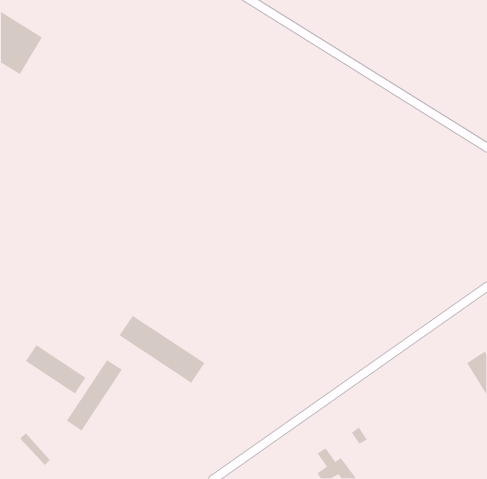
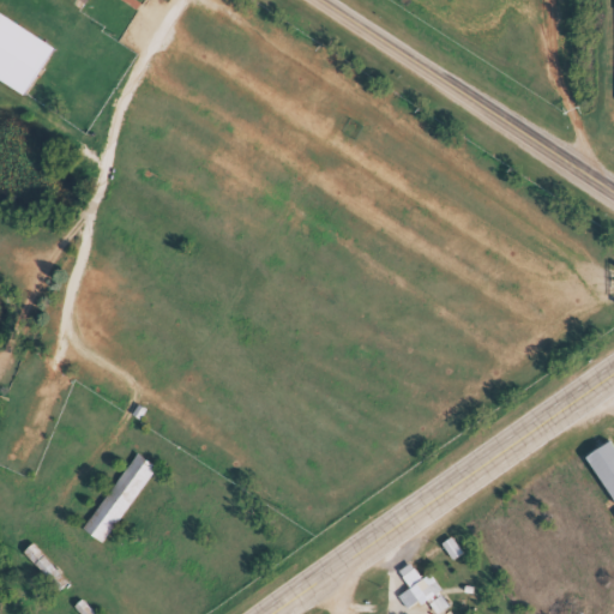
building: [119,315,206,384] -> none
building: [25,344,87,394] -> none

